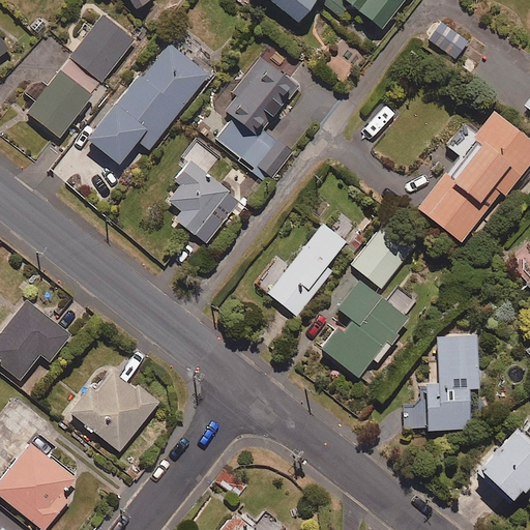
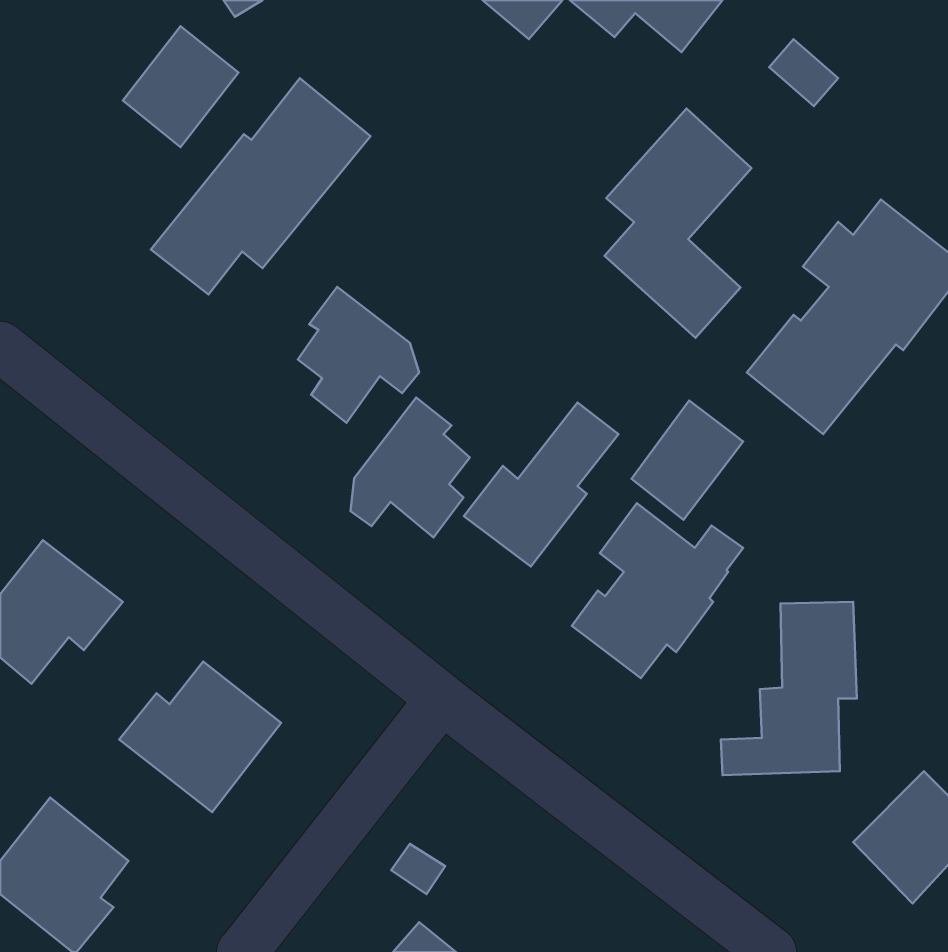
building: [216,55,298,182] -> [604,109,752,338]
building: [27,58,111,138] -> none
building: none -> [351,397,470,537]

